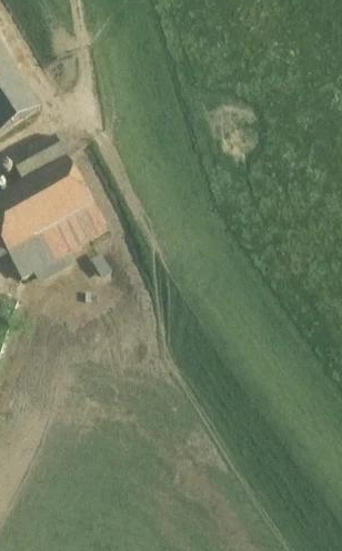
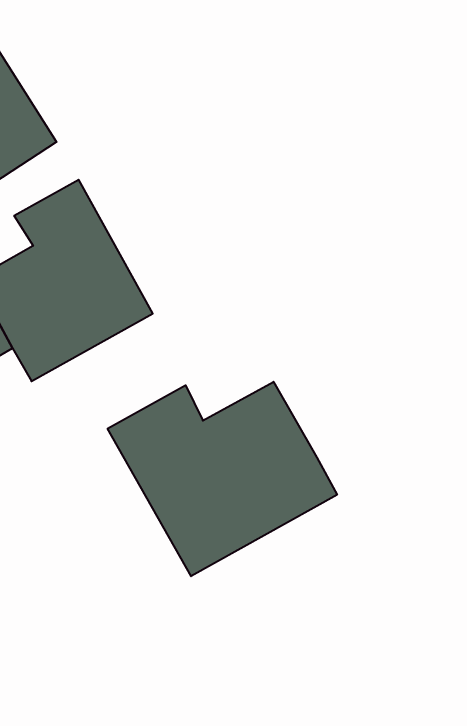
building: none -> [108,382,337,576]

